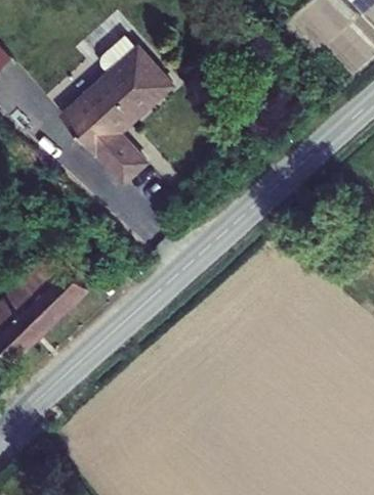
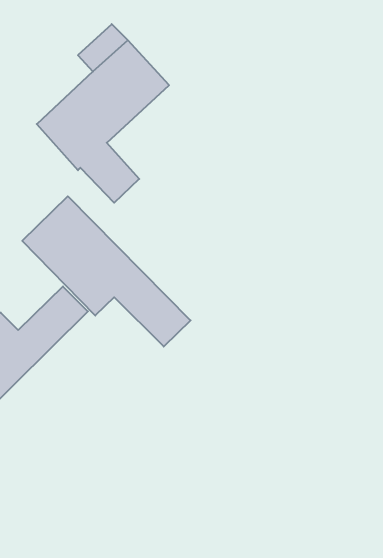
building: none -> [22,196,191,347]

